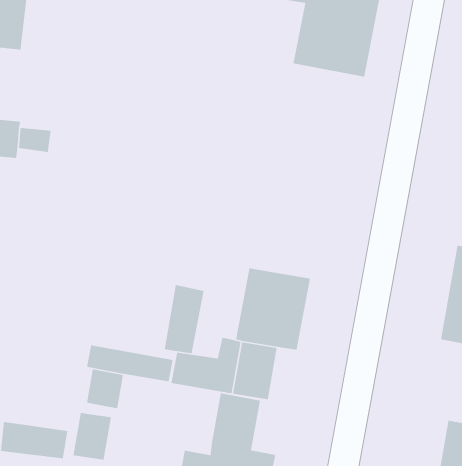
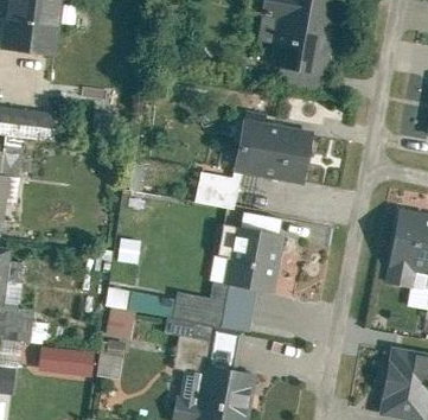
building: none -> [232,120,312,185]
building: none -> [196,172,241,209]
building: [164,284,204,354] -> none

